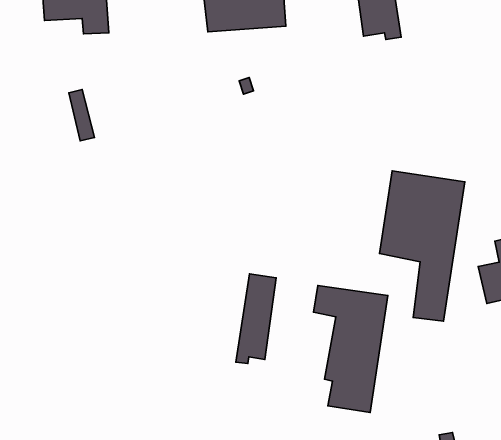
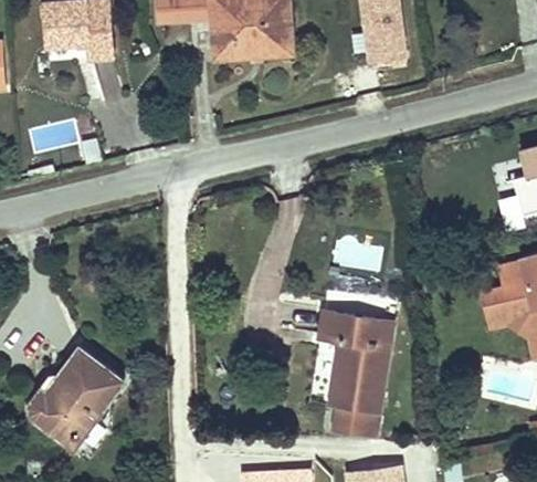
building: [379,171,465,321] -> none
building: [236,274,276,364] -> none
building: none -> [29,347,125,449]

